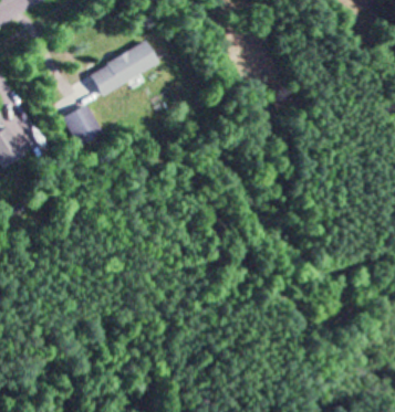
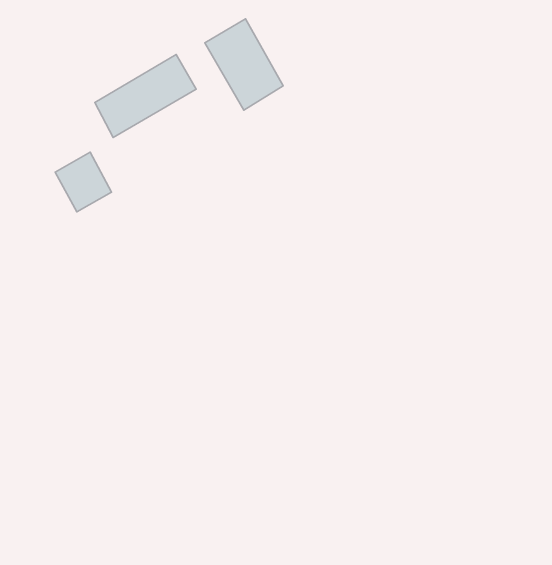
building: none -> [205,19,283,110]

